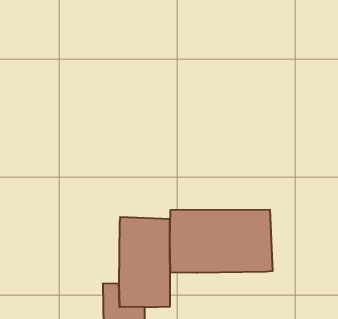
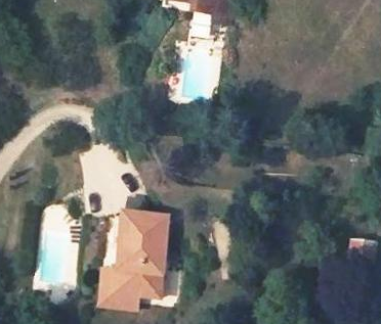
building: [170,210,273,273] -> none

